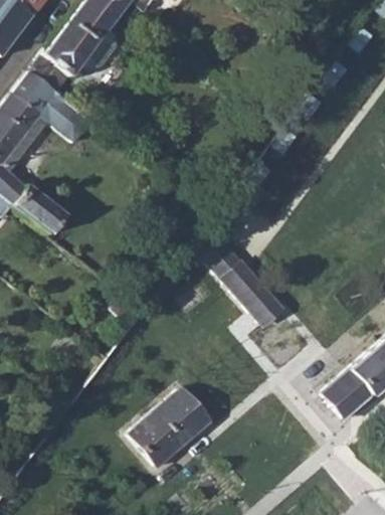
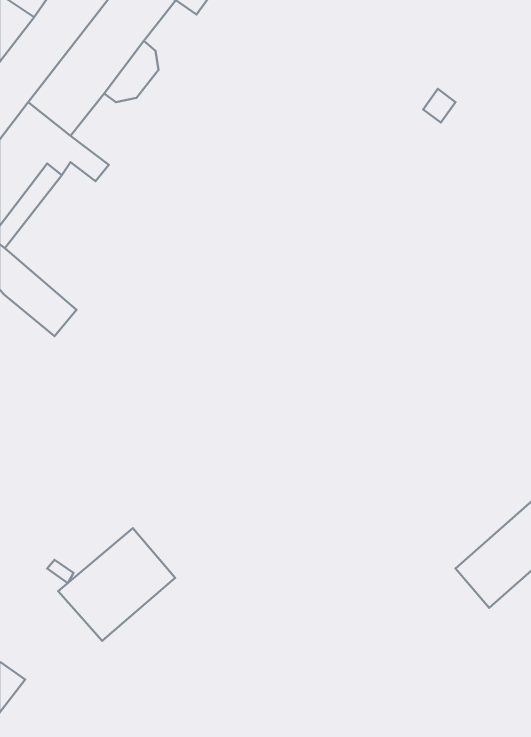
building: [196,225,283,325] -> none
building: [131,388,211,466] -> [58,528,175,641]

